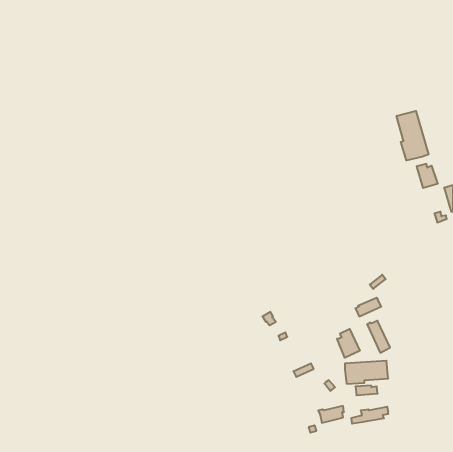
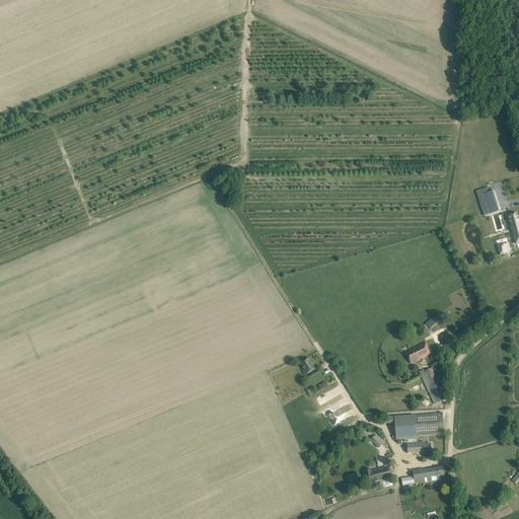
building: [397,111,429,160] -> none
building: [337,329,360,358] -> none

